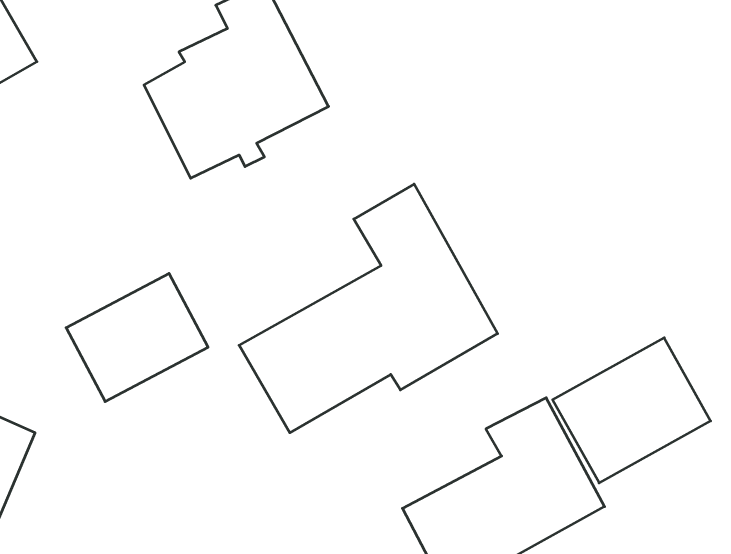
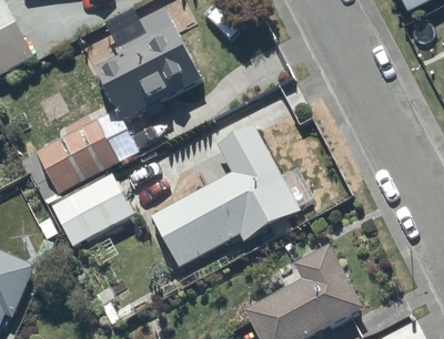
building: none -> [28,115,120,193]
building: [553,338,711,483] -> none

